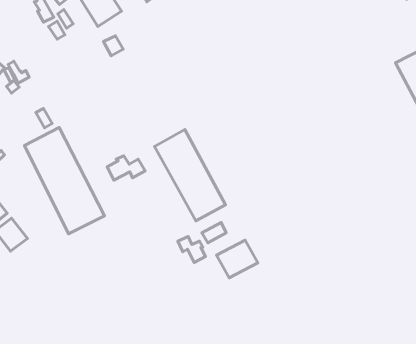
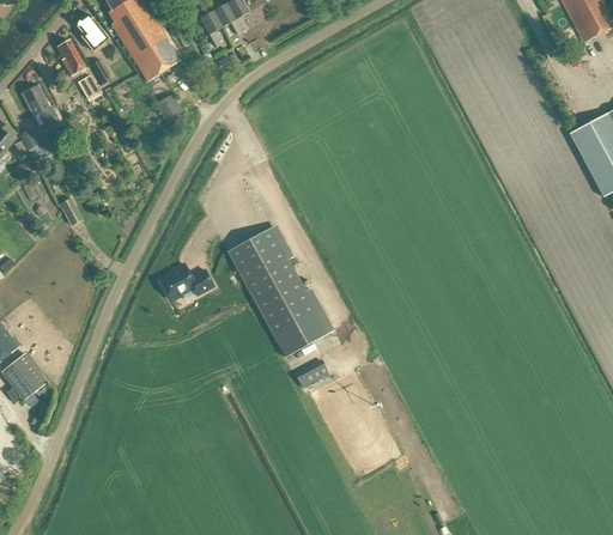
building: none -> [23,85,56,123]
building: [24,128,105,234] -> none
building: [178,237,205,263] -> none
building: [216,240,258,278] -> none

